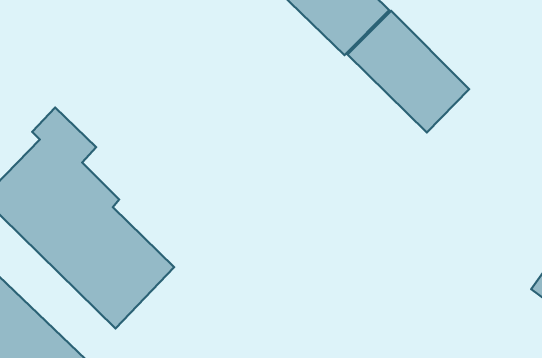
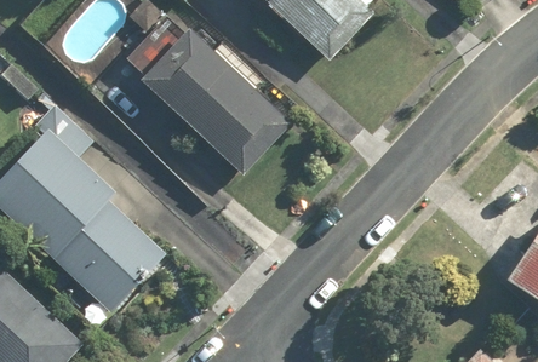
building: [348,11,469,133] -> none
building: none -> [139,28,288,172]

